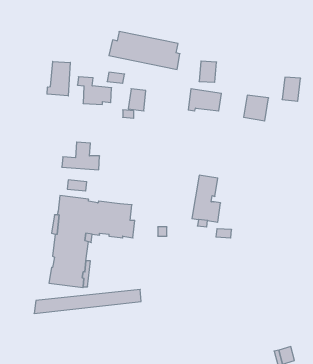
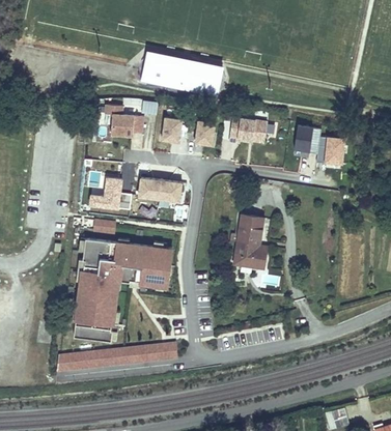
building: [199,61,217,82] -> [195,120,215,144]
building: [47,61,70,96] -> none
building: [282,77,301,101] -> [323,137,343,164]
building: none -> [137,180,181,206]

